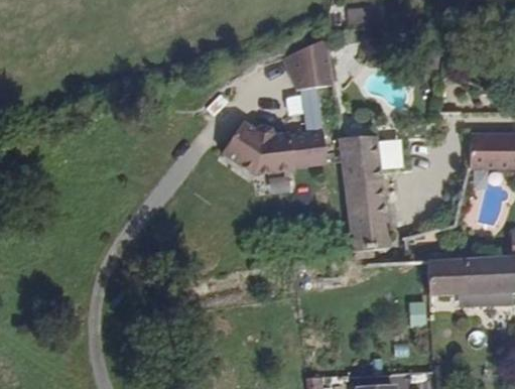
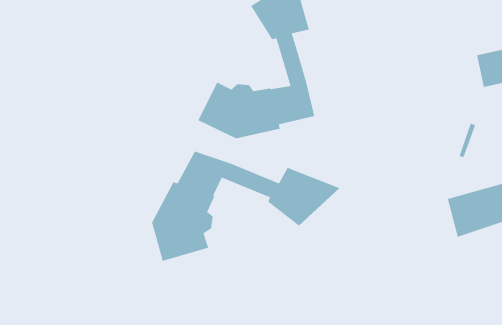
building: [341,140,411,254] -> none
building: none -> [151,150,341,262]

